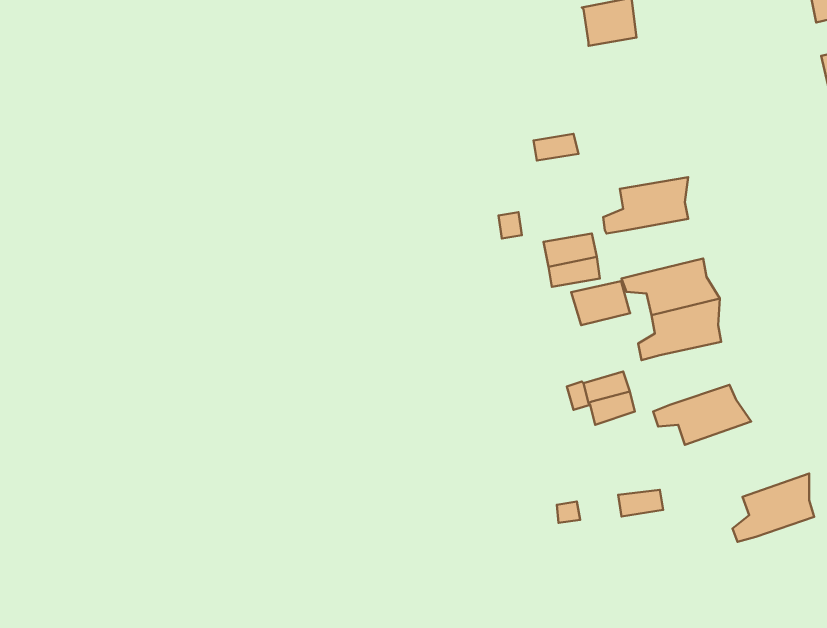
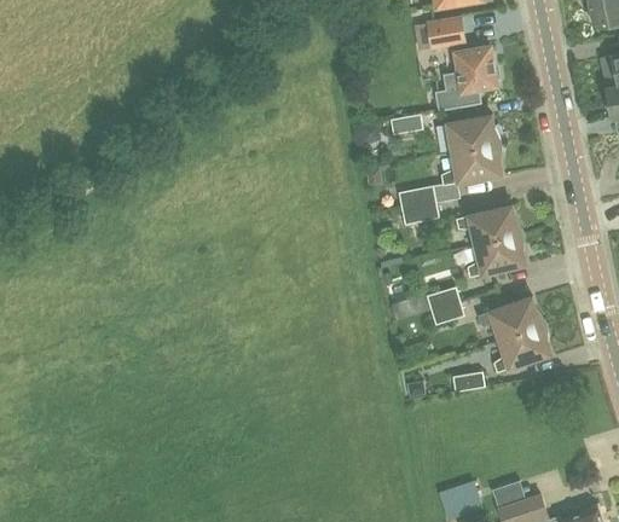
building: none -> [435,45,497,109]
building: none -> [446,115,502,153]
building: [571,281,630,325] -> none
building: [733,474,814,542] -> [492,323,551,372]

